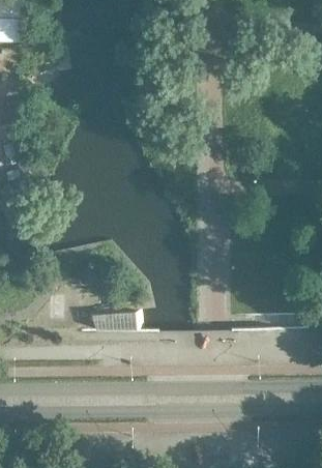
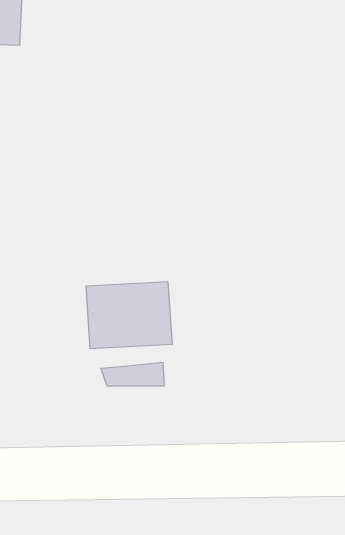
building: none -> [86,282,172,349]

